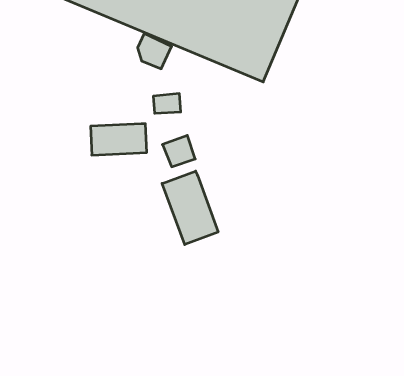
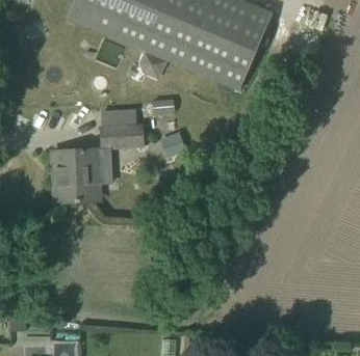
building: none -> [52,148,102,201]
building: [162,171,218,245] -> none

